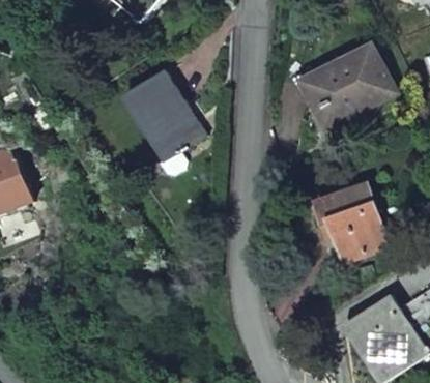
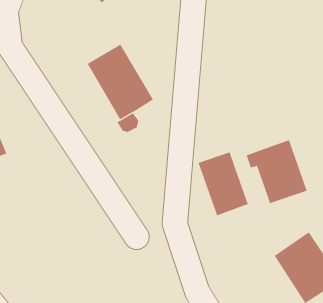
building: [299,42,396,127] -> none
building: none -> [198,152,249,216]

